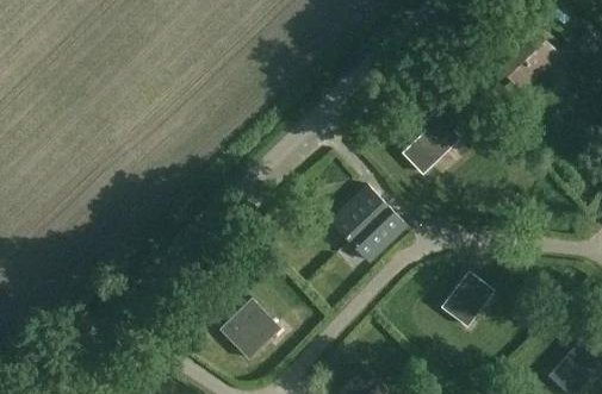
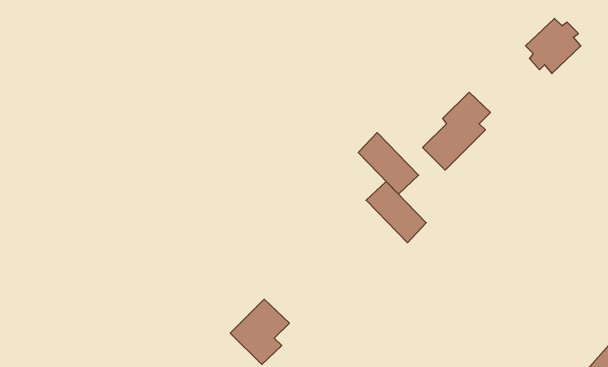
building: [331,204,389,262] -> [358,133,419,194]
building: [442,270,496,327] -> none

